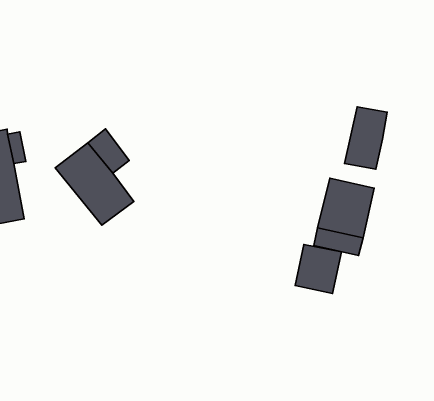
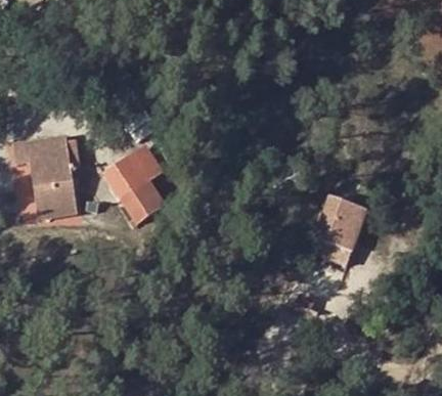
building: [345,107,387,169] -> none
building: [295,245,342,294] -> none

